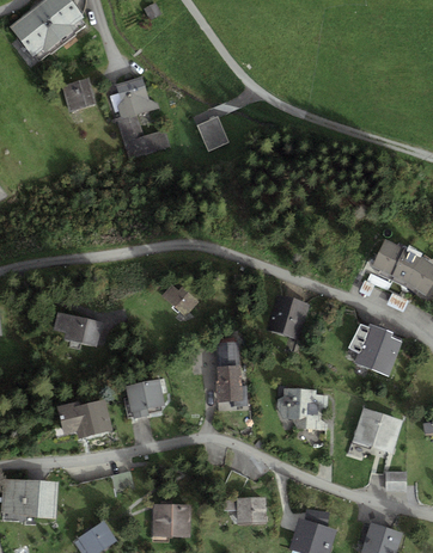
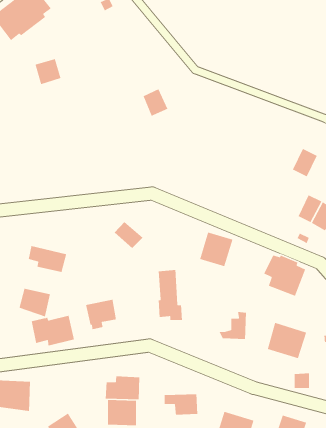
building: [116,76,170,160] -> none
building: [372,239,404,276] -> [292,148,318,178]
building: none -> [18,288,51,317]
building: [276,388,317,419] -> none
building: none -> [105,376,140,400]

